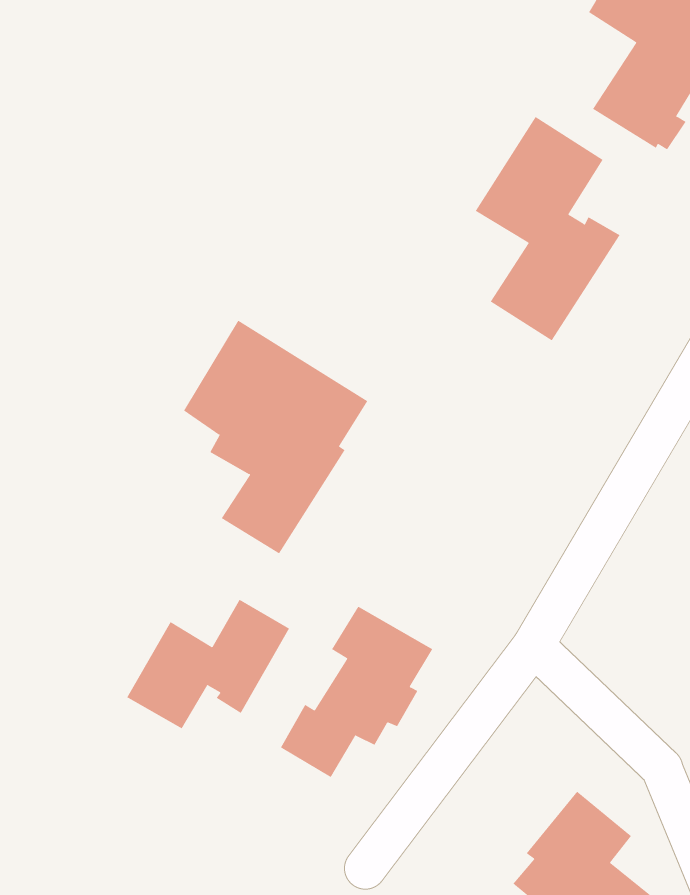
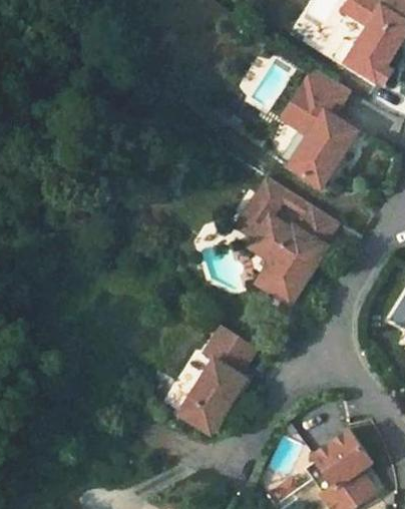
building: [183,320,368,554] -> [241,179,339,304]
building: [127,599,290,729] -> none

